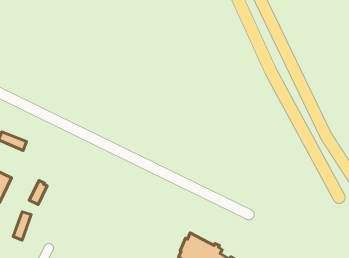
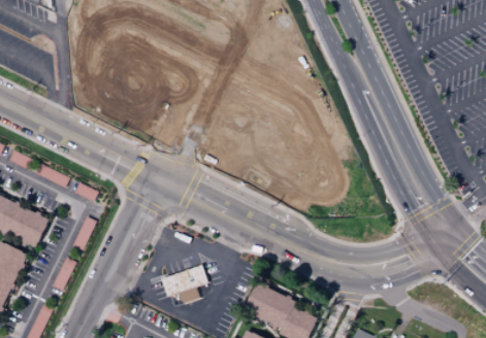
building: none -> [160,265,207,304]

